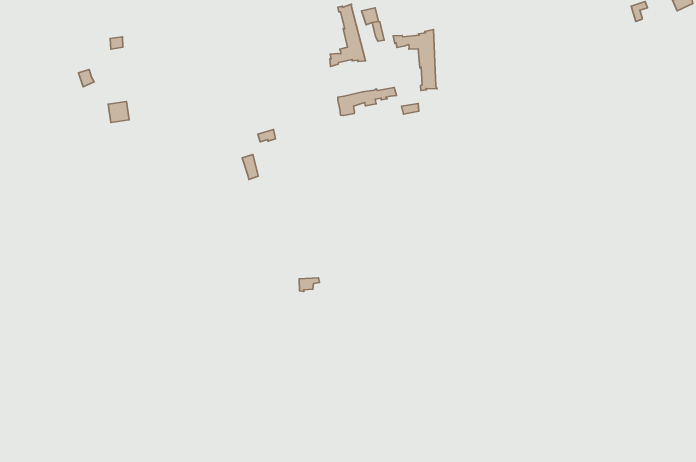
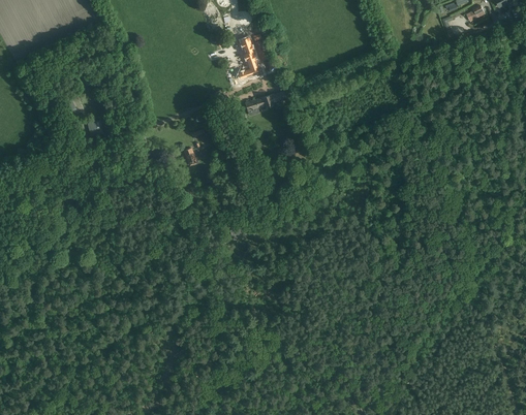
building: [393,30,437,90] -> none

